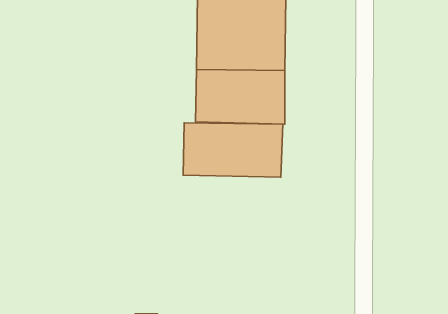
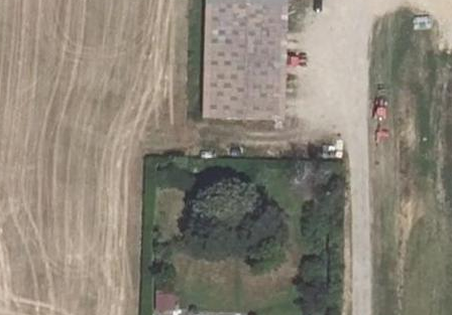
building: [183,123,283,177] -> none

